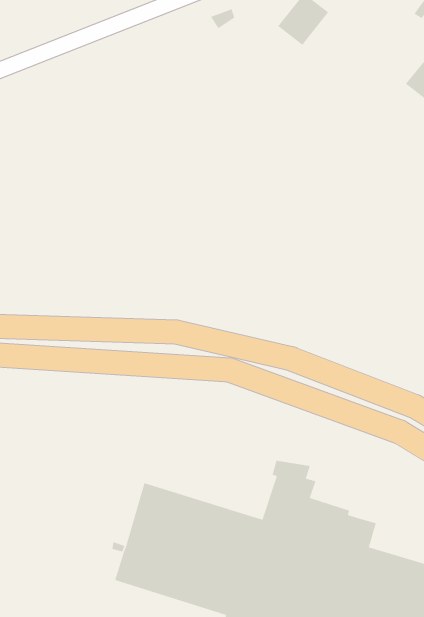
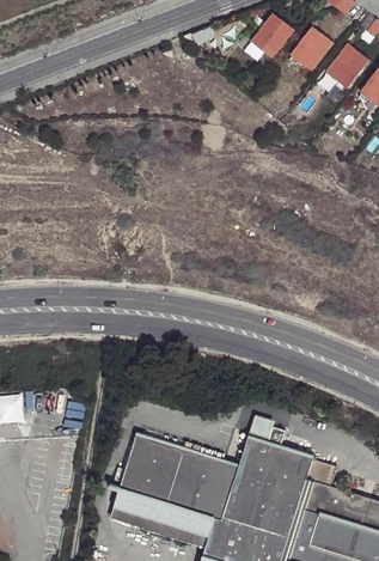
building: none -> [289,26,332,71]
building: none -> [325,43,368,89]

